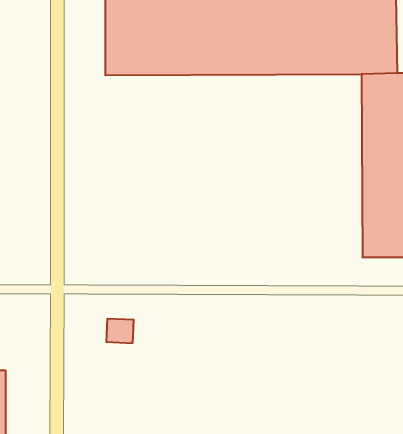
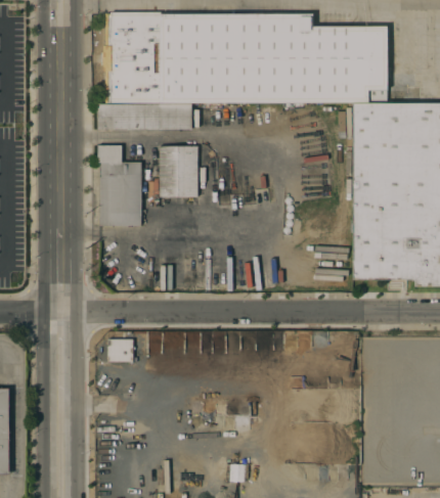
building: none -> [97,103,191,130]
building: none -> [98,145,141,226]
building: none -> [149,146,197,197]

